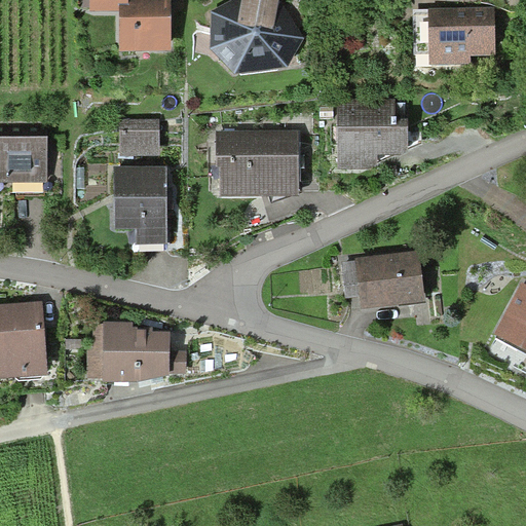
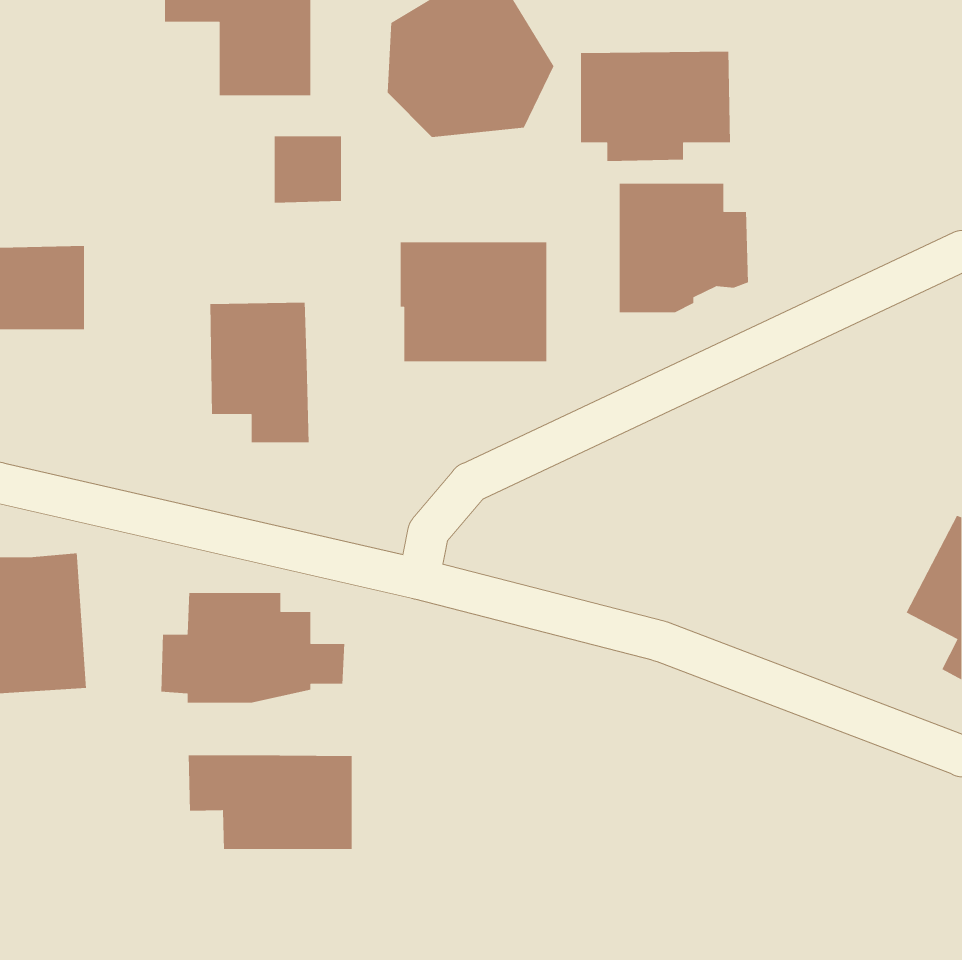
building: [413,6,495,67] -> [580,51,731,162]
building: [120,117,157,154] -> [274,136,342,203]
building: [341,249,424,306] -> none
building: none -> [188,754,353,850]

